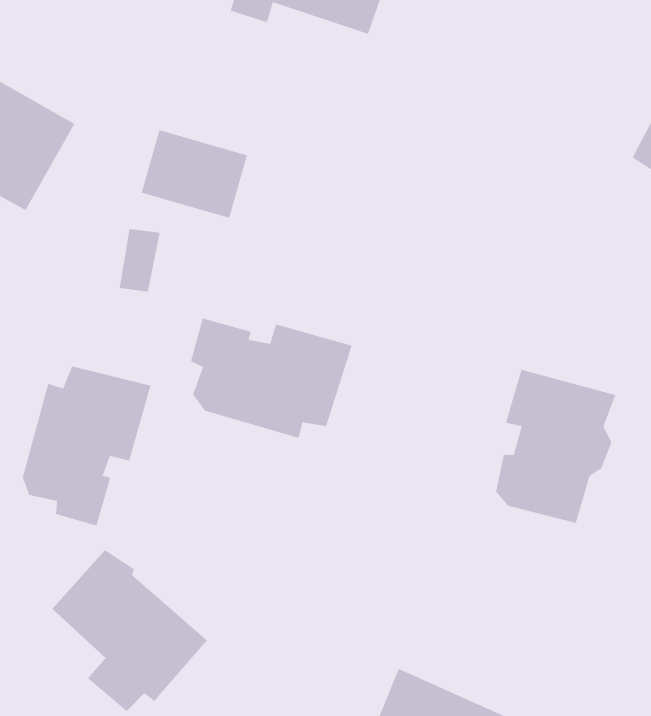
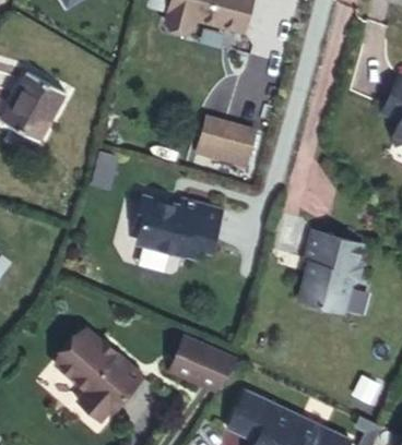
building: [141,129,248,219] -> [187,122,246,171]
building: [22,366,151,527] -> none
building: none -> [166,338,234,395]

